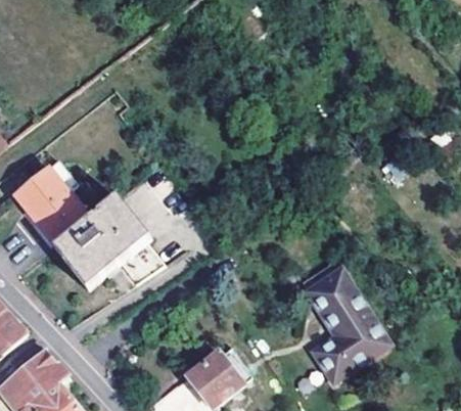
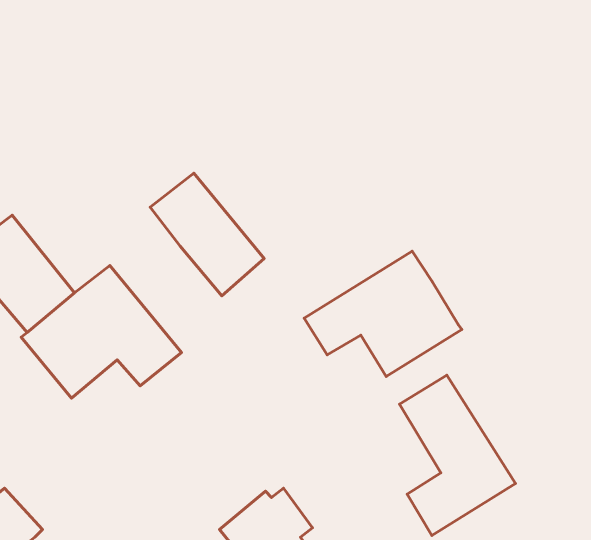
building: none -> [150,173,264,296]
building: none -> [304,251,462,377]

